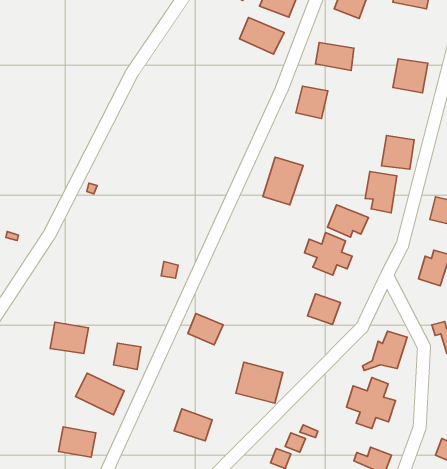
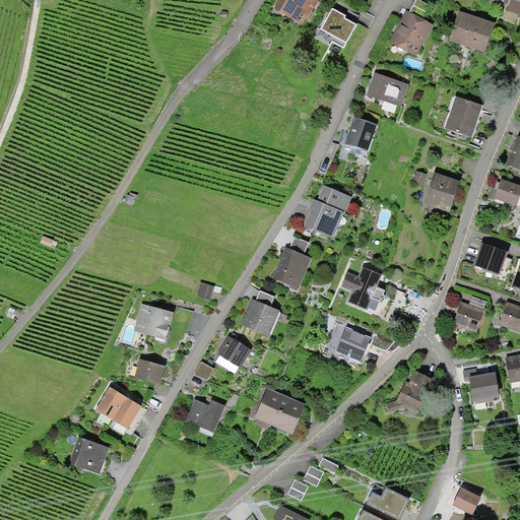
building: [239,17,284,54] -> none
building: [365,171,397,213] -> none
building: [327,205,369,237] -> none
building: none -> [269,249,307,286]
building: none -> [236,289,283,335]
building: [50,322,88,353] -> [133,305,174,339]
building: [346,378,395,429] -> none
building: [174,409,212,441] -> [184,395,223,430]

